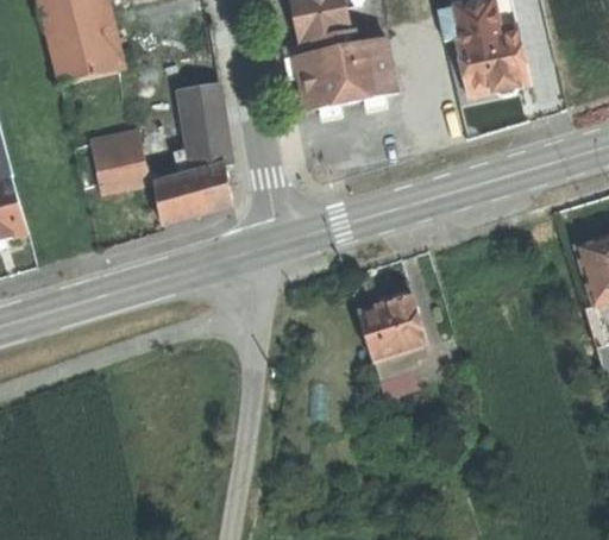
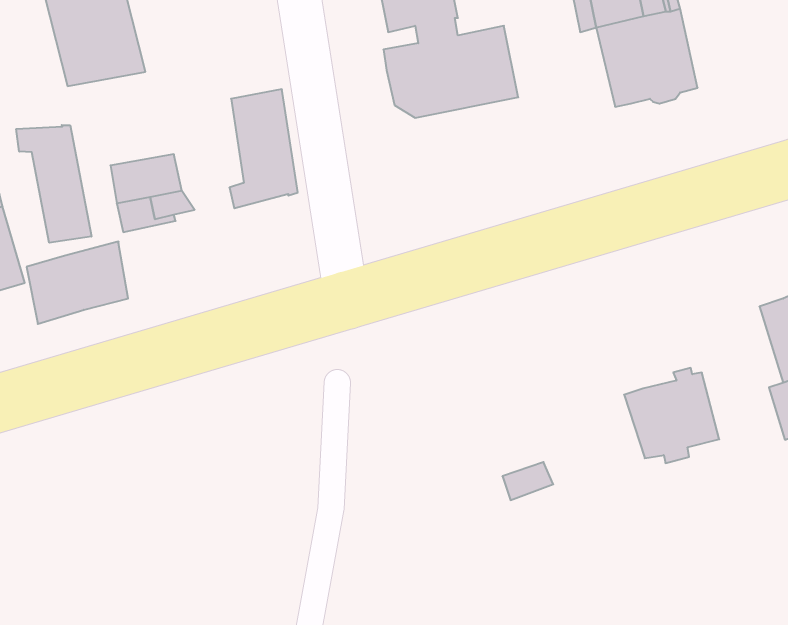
building: none -> [16,125,91,243]
building: [155,163,231,225] -> [27,242,128,324]
building: [357,291,428,363] -> [624,368,719,463]

